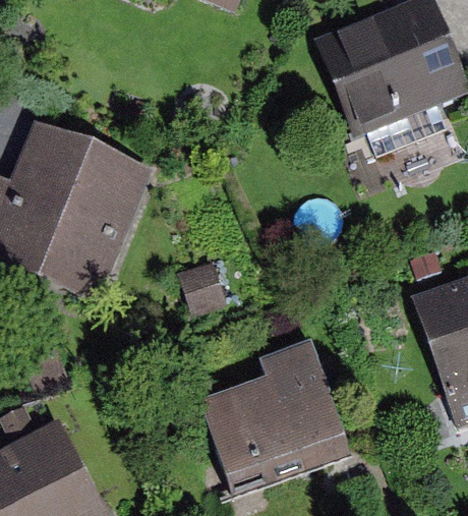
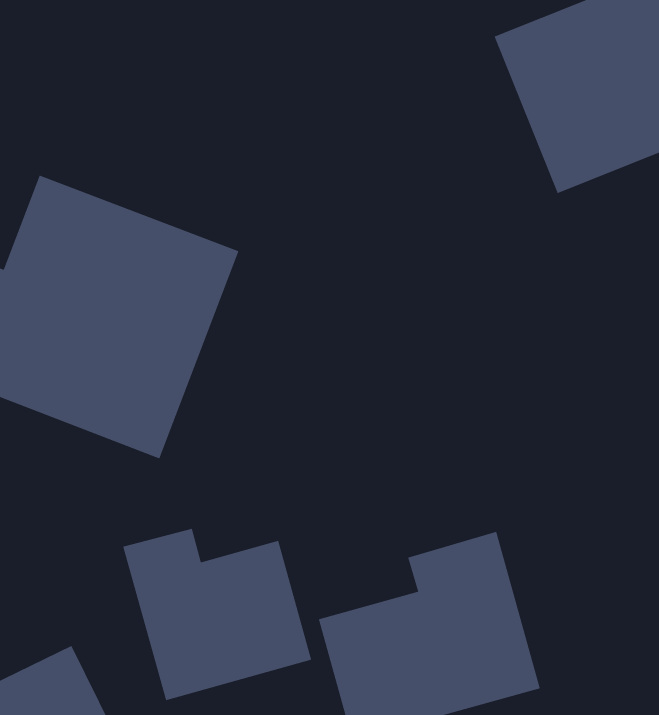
building: none -> [122,528,312,701]

